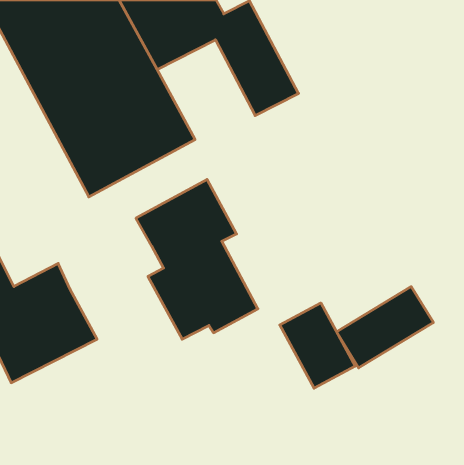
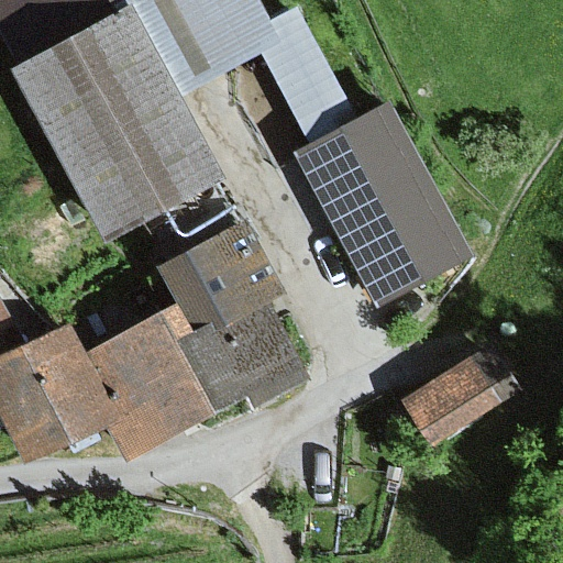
building: none -> [291,102,472,308]
building: none -> [84,301,217,454]
building: [280,303,355,388] -> none

